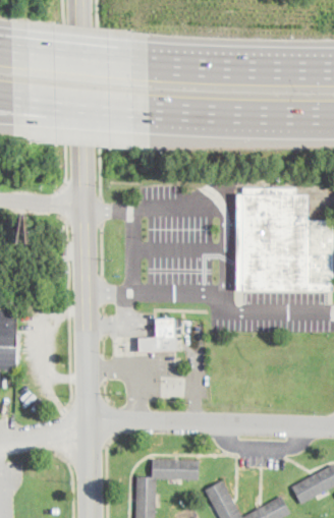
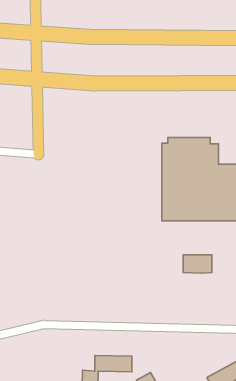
building: [137,319,176,352] -> none
building: none -> [183,255,212,273]

